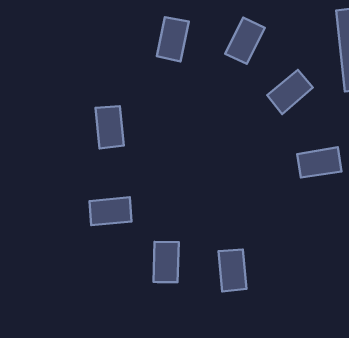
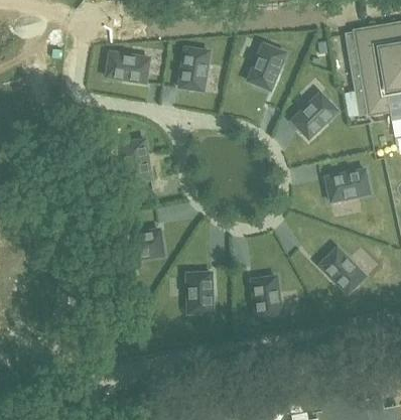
building: none -> [106,51,150,82]
building: none -> [320,247,366,293]

